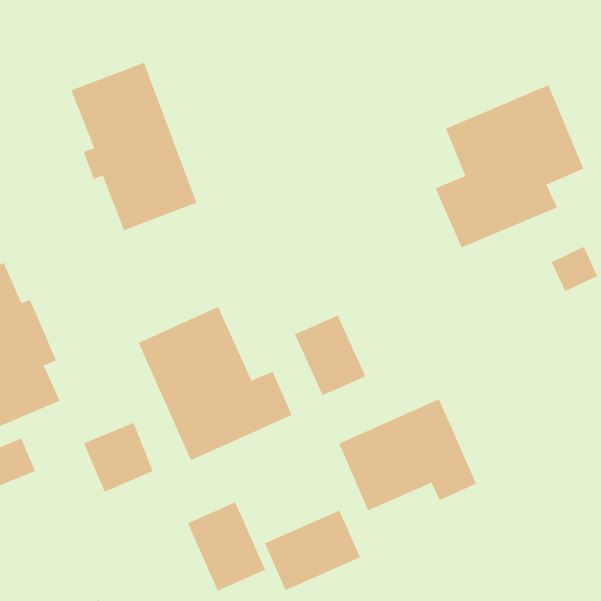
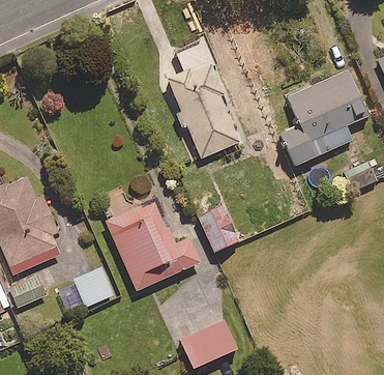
building: [71,62,197,231] -> [168,59,242,158]
building: [338,399,477,511] -> none
building: [187,502,266,592] -> none

